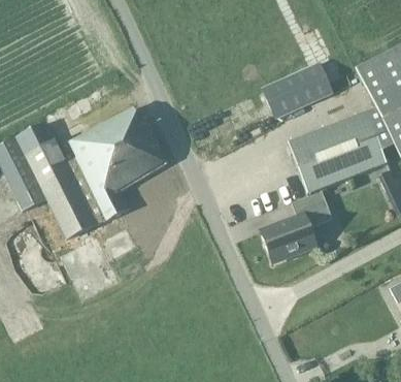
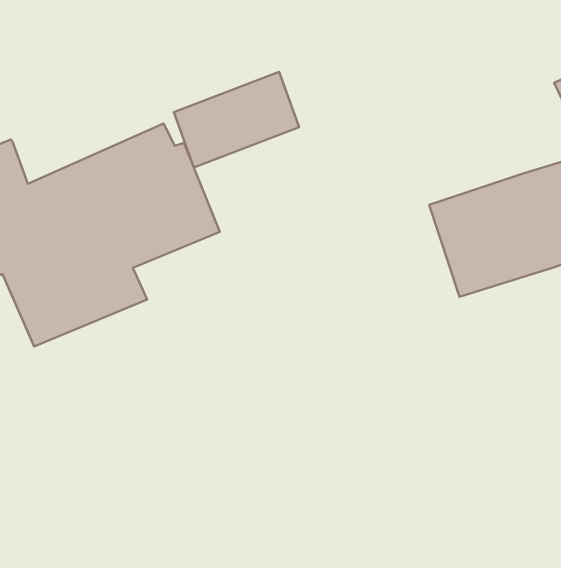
building: [261,60,333,118] -> [174,72,299,168]
building: [259,190,333,263] -> none

